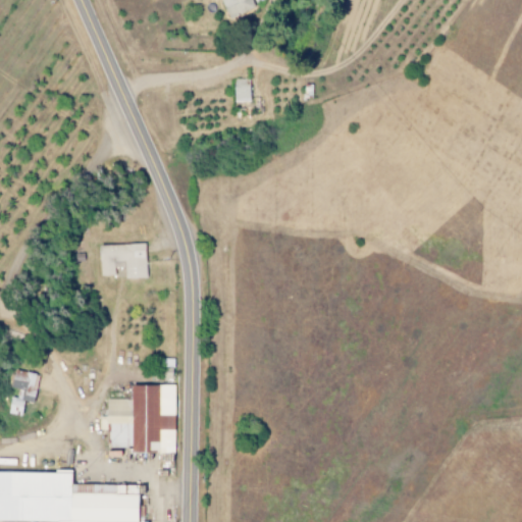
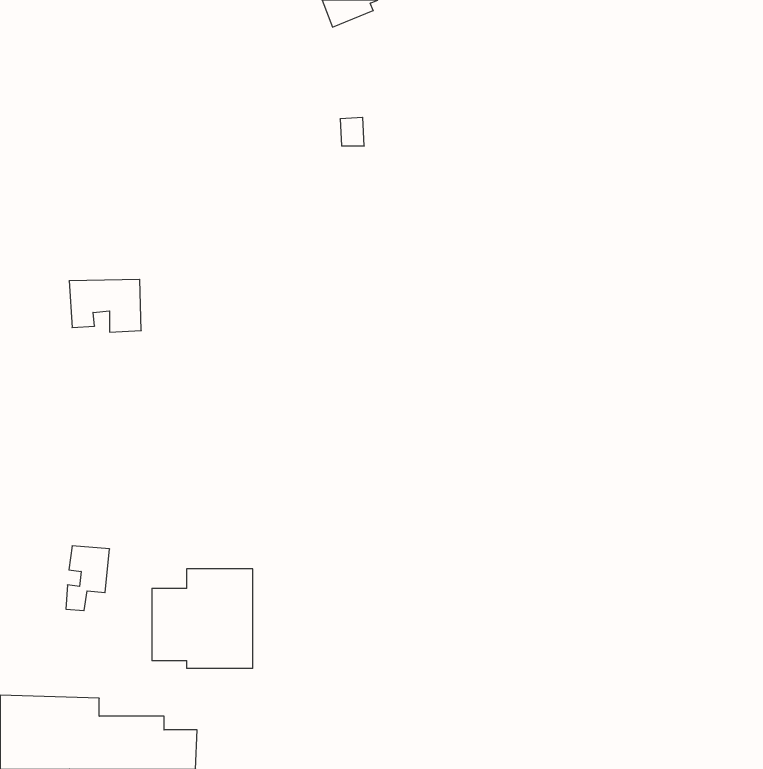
building: [98,244,147,279] -> [69,279,141,332]
building: [9,371,39,415] -> [66,546,110,611]

